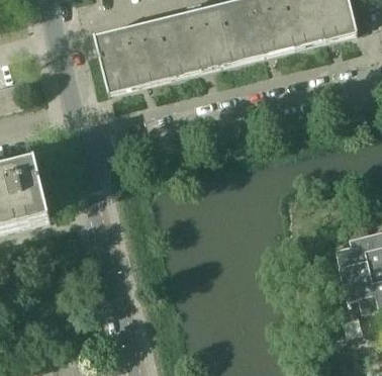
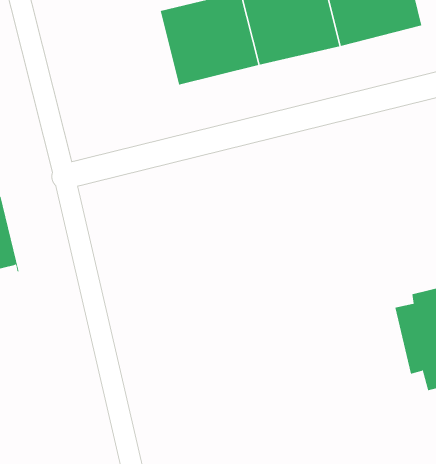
building: [93,20,171,93] -> none

